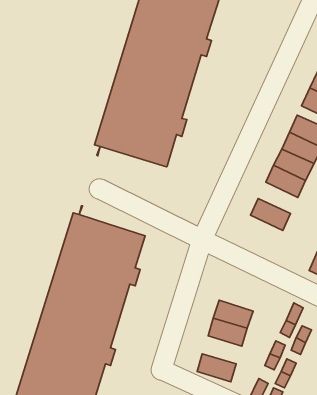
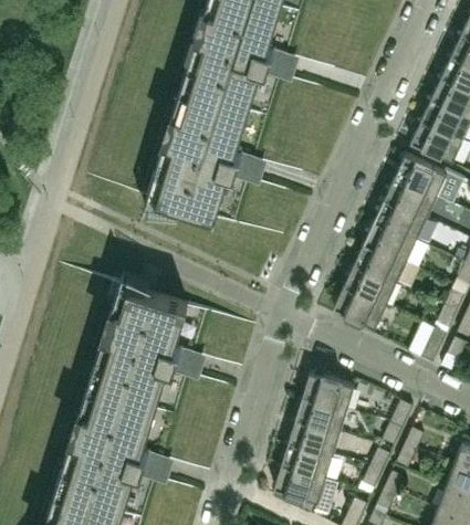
building: none -> [354,242,406,283]
building: none -> [334,285,386,327]
building: none -> [303,372,354,410]
building: none -> [281,442,333,479]

